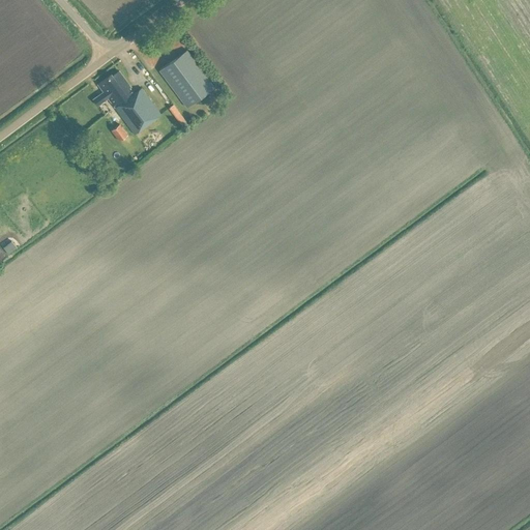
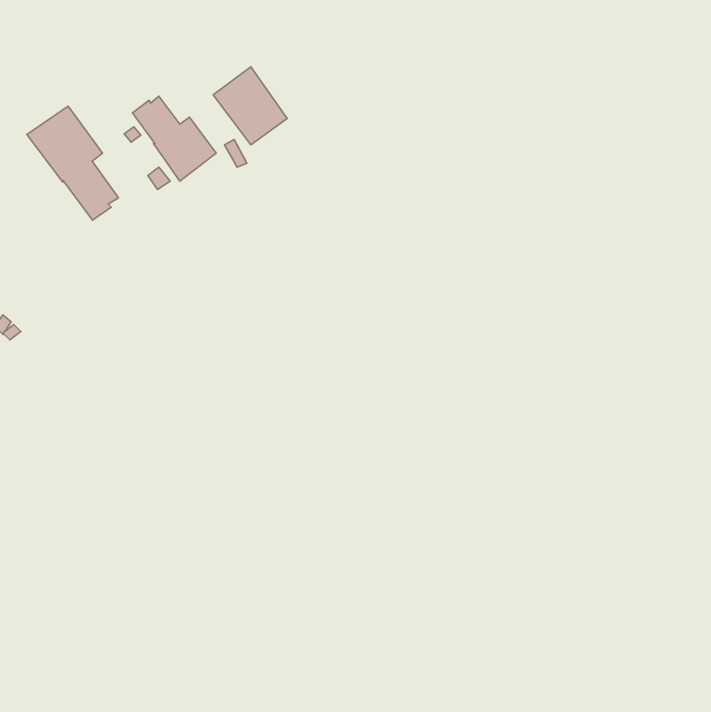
building: none -> [27,106,118,220]

